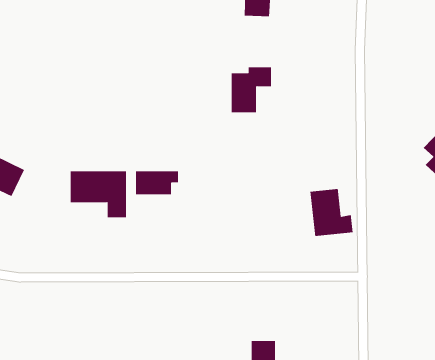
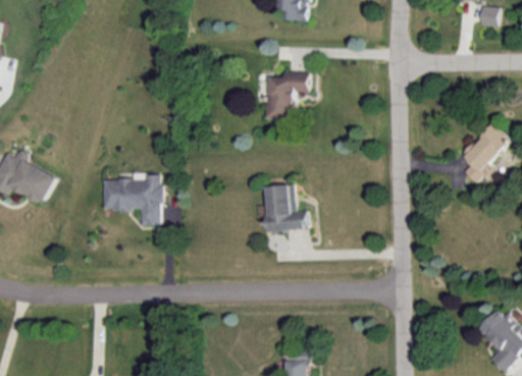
building: [136,171,179,195] -> none
building: [309,188,353,236] -> [263,183,308,232]

